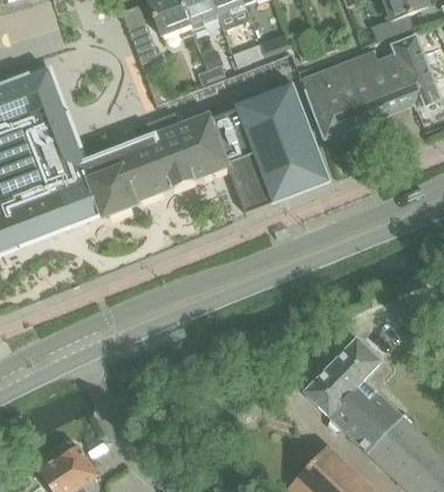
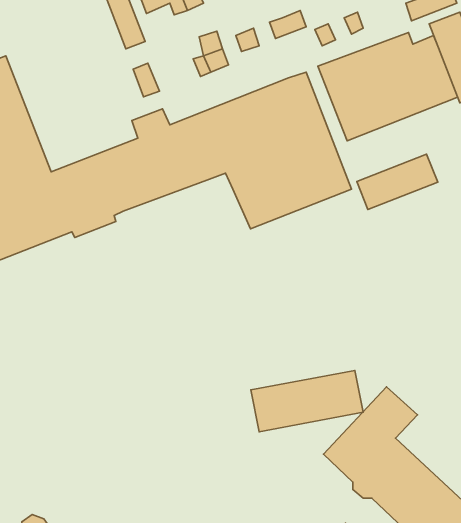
building: none -> [357,154,438,210]
building: none -> [251,370,363,432]

